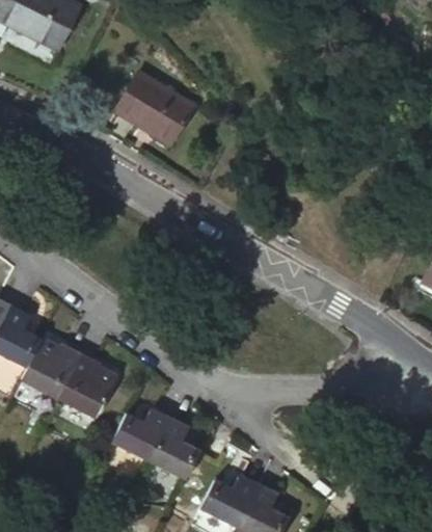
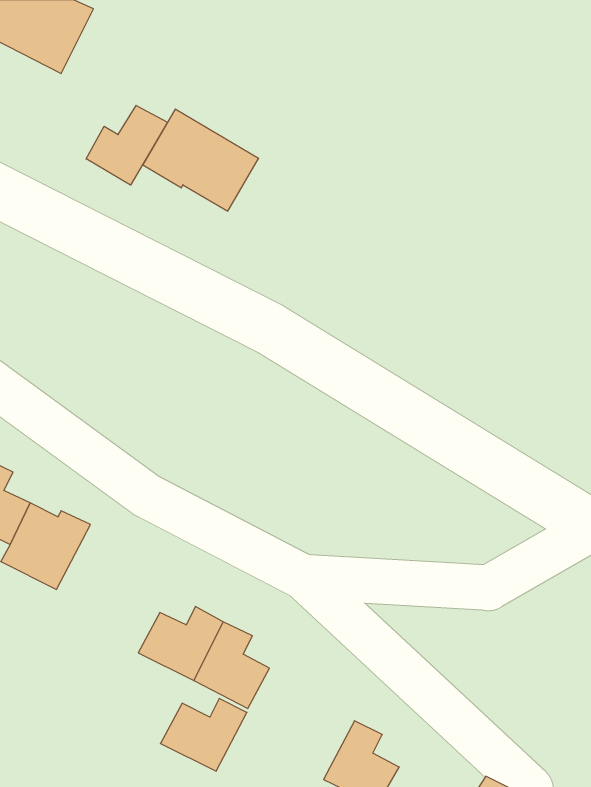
building: none -> [86,105,168,185]
building: [57,353,114,416] -> none
building: [199,476,258,525] -> [160,699,247,771]

